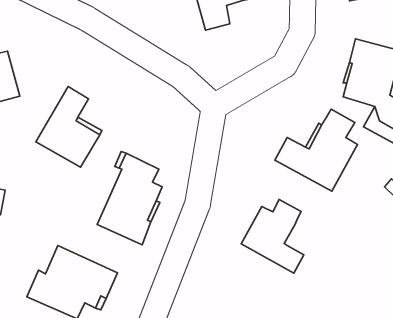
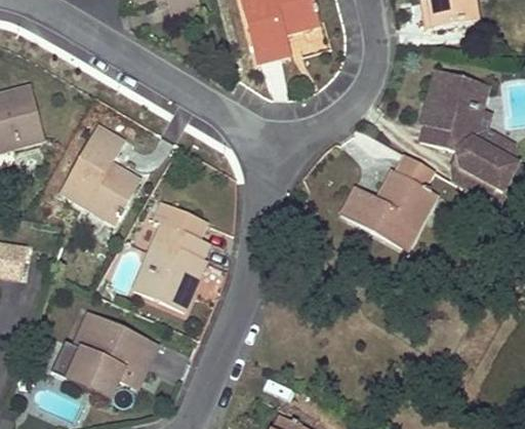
building: [241,199,304,273] -> none

